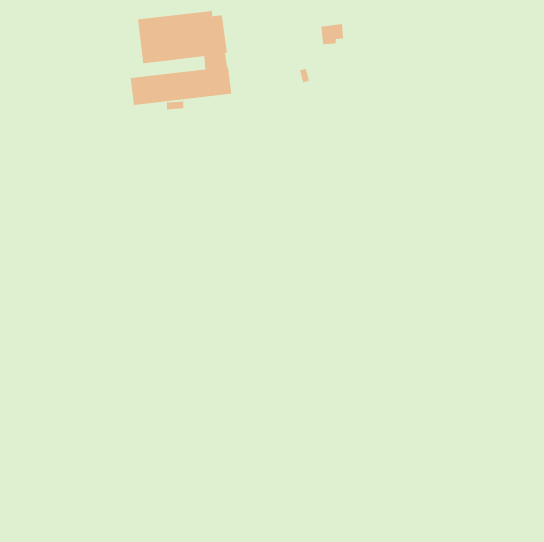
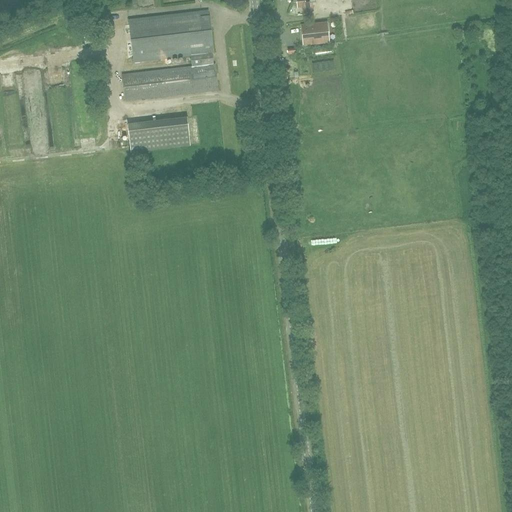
building: none -> [128,116,191,151]

